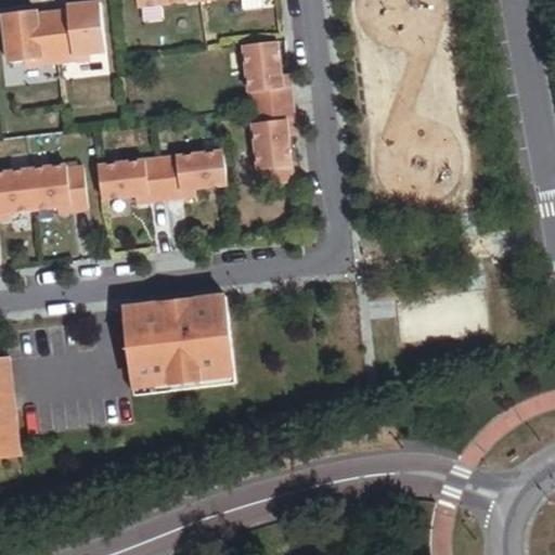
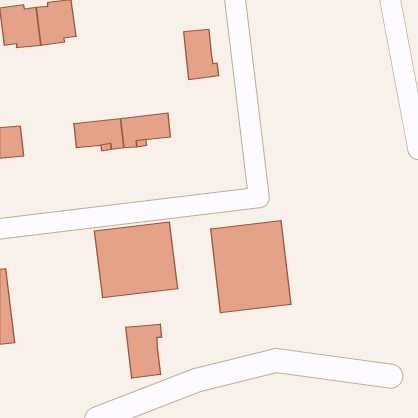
building: [249,101,292,183] -> none
building: [27,164,87,207] -> none
building: none -> [211,220,291,313]
building: none -> [126,324,161,378]

